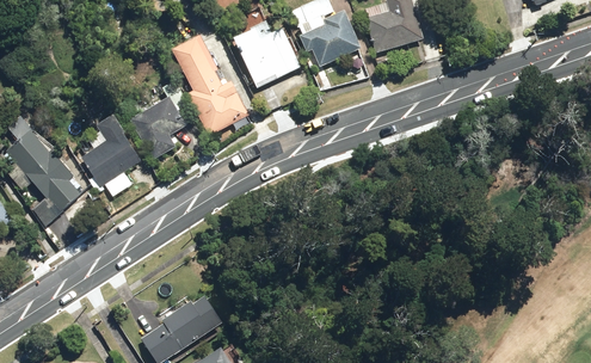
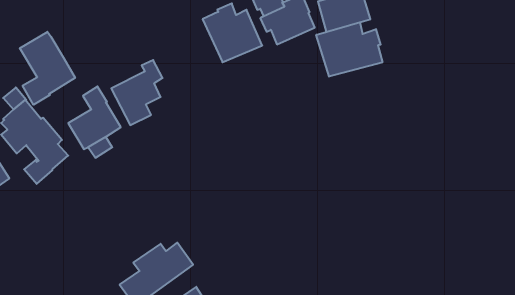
building: [174,38,248,136] -> none
building: none -> [316,22,382,77]
building: none -> [20,32,75,105]

